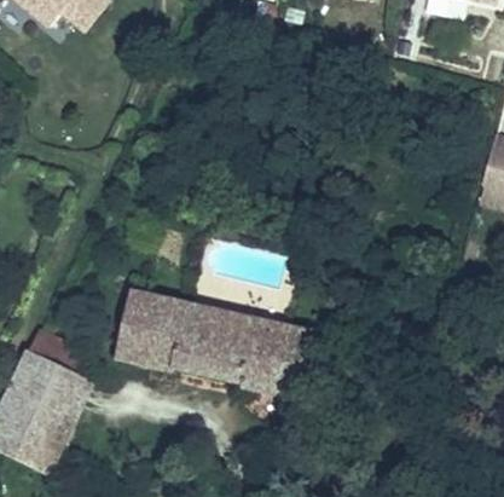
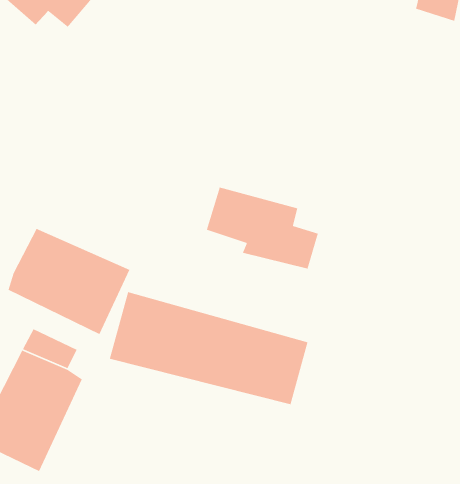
building: none -> [206,186,319,270]
building: none -> [7,228,131,335]

